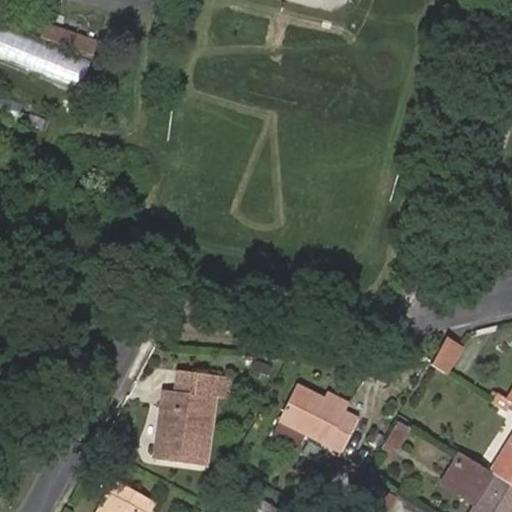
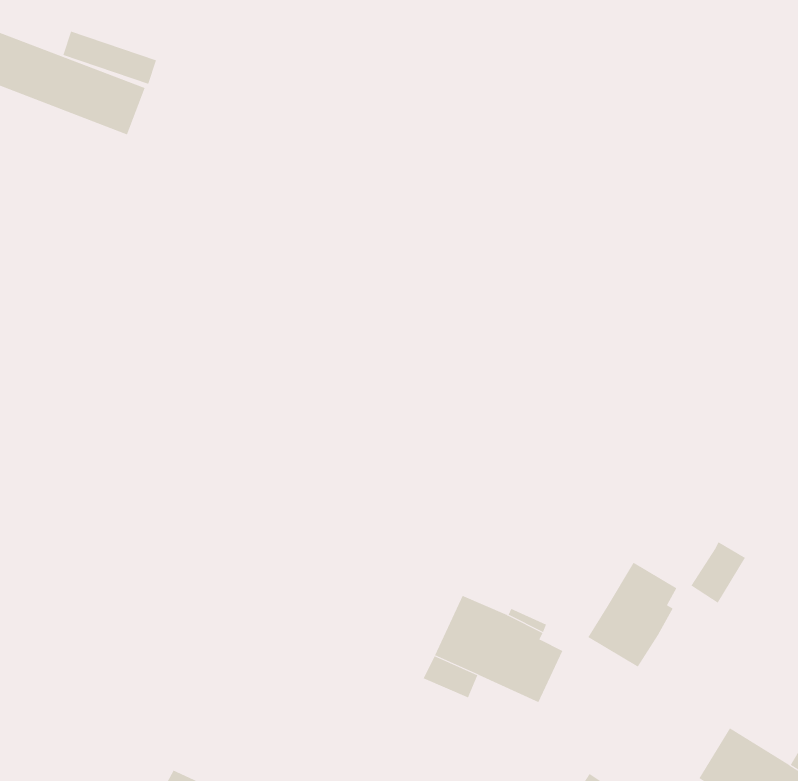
building: none -> [588,562,677,668]
building: [153,374,218,473] -> none

